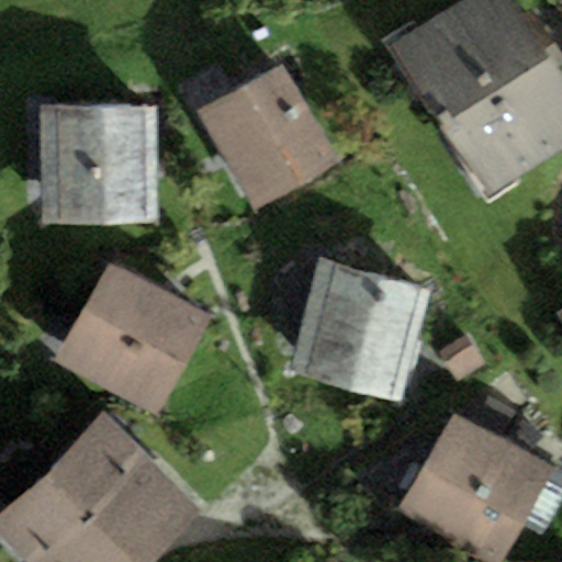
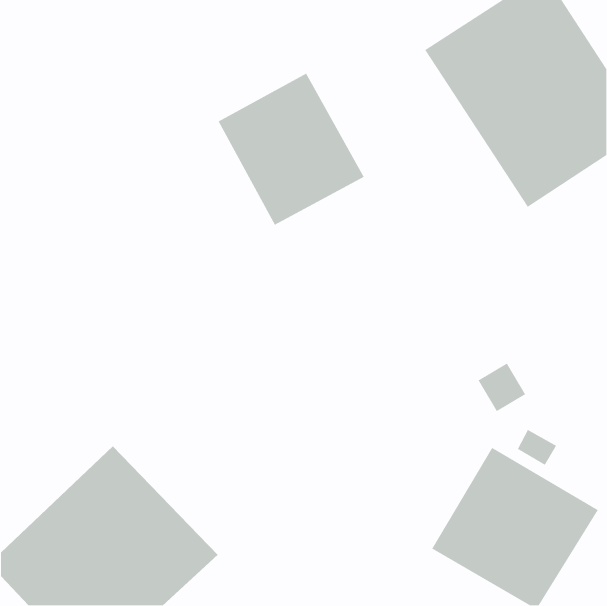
building: [40,105,156,226] -> none
building: [288,260,429,403] -> none
building: [57,265,213,418] -> none

